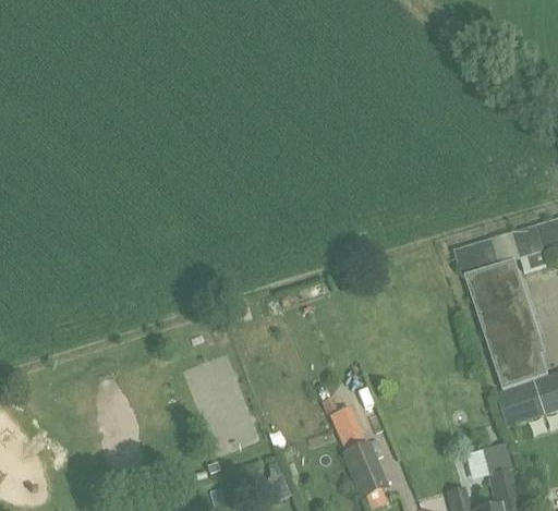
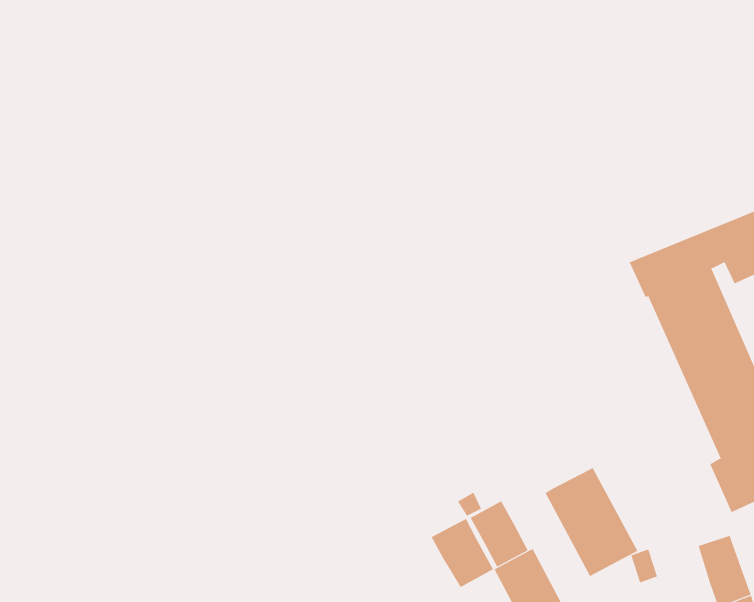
building: none -> [545,467,638,577]
building: none -> [431,518,494,588]

